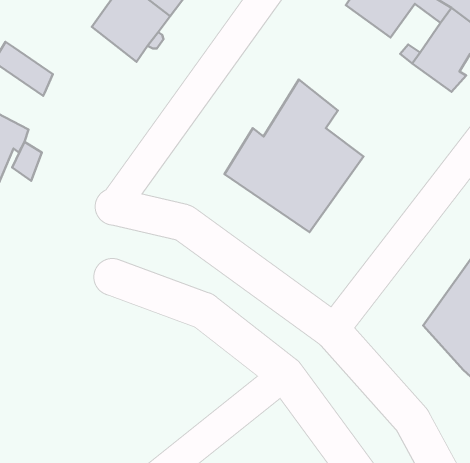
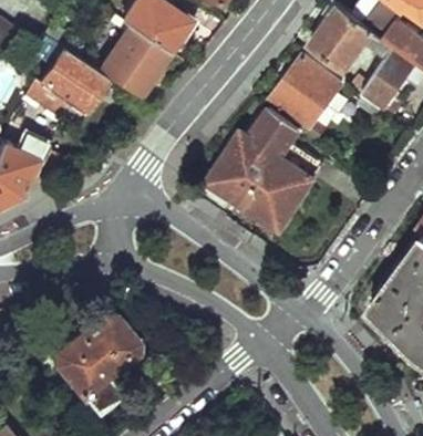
building: none -> [38,50,104,124]
building: none -> [271,56,342,144]
building: none -> [55,315,138,415]

